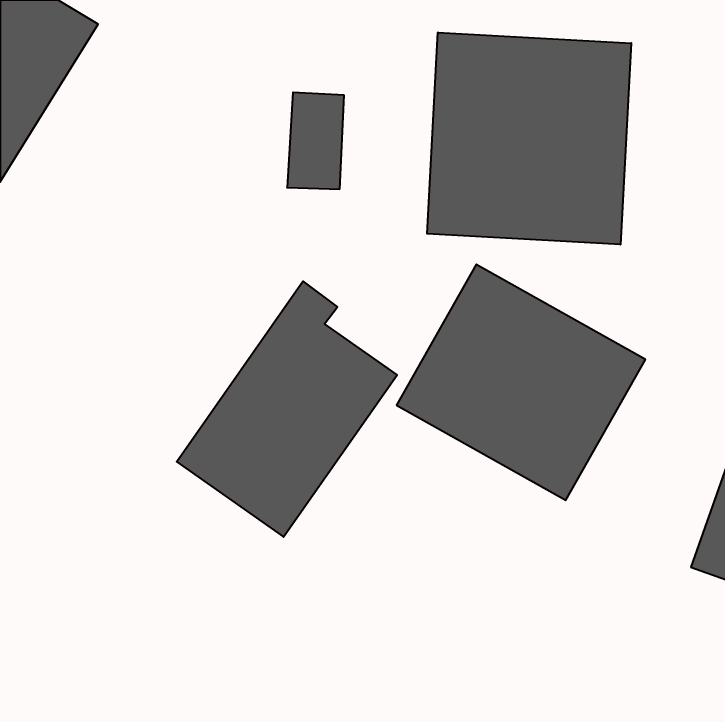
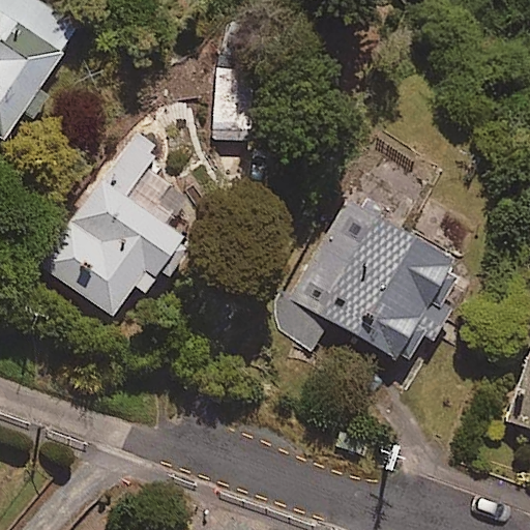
building: [427,32,631,245] -> none
building: [177,281,397,537] -> [38,134,199,320]

